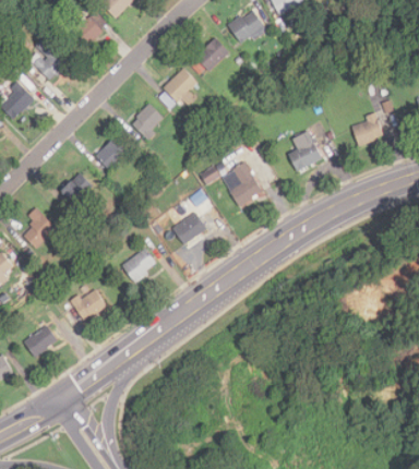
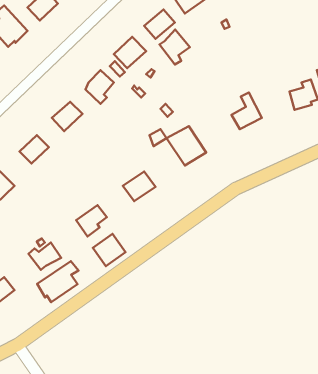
building: none -> [159,30,190,65]
building: none -> [93,234,125,266]
building: none -> [37,261,78,302]

